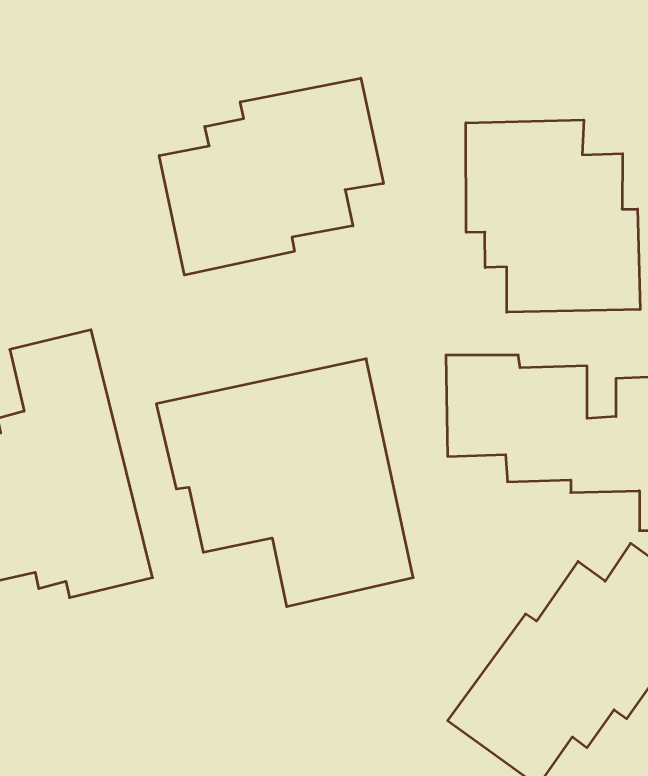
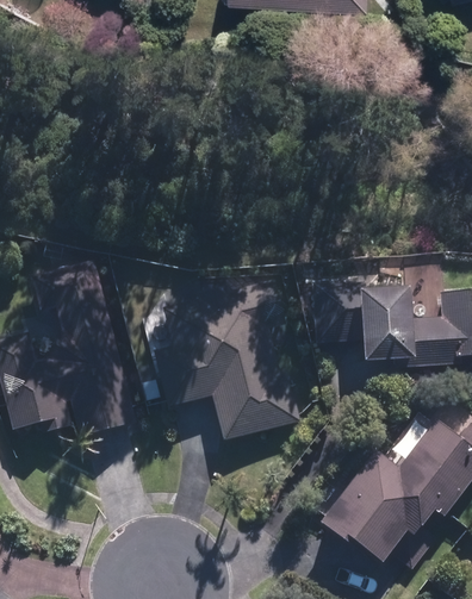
building: [159,78,383,275] -> none
building: [466,120,640,312] -> none

